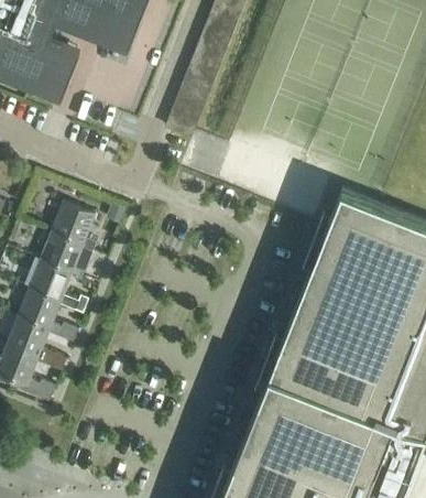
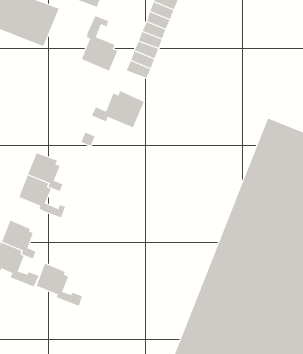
building: none -> [81,15,118,72]
building: none -> [91,90,144,128]
building: [51,204,96,253] -> none
building: [18,289,77,344] -> [36,263,83,307]

